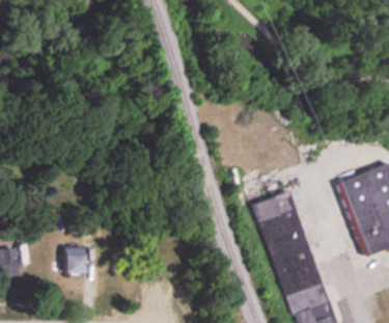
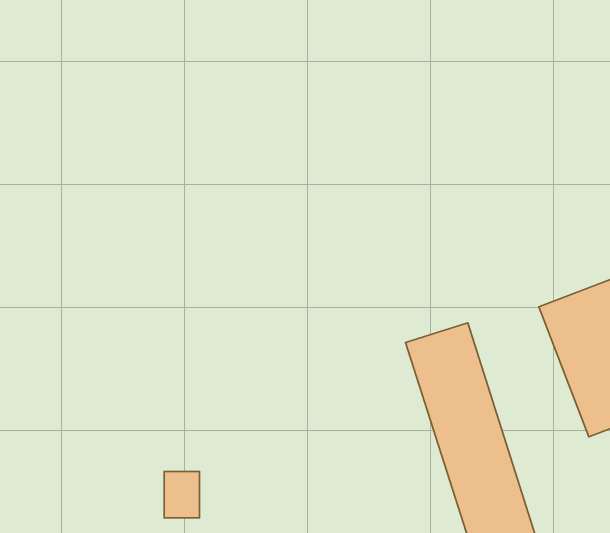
building: [64,246,85,273] -> [164,472,200,518]

